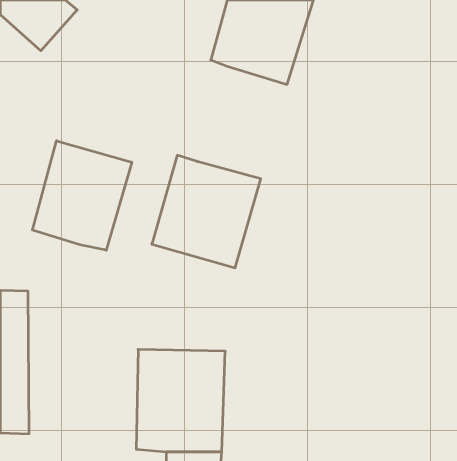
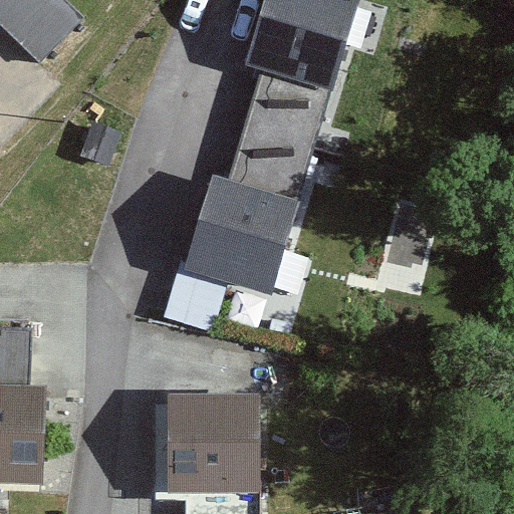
building: none -> [226,76,325,201]
building: [32,141,132,250] -> none

